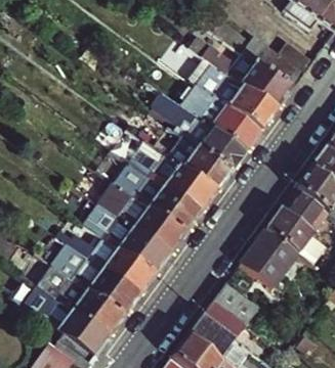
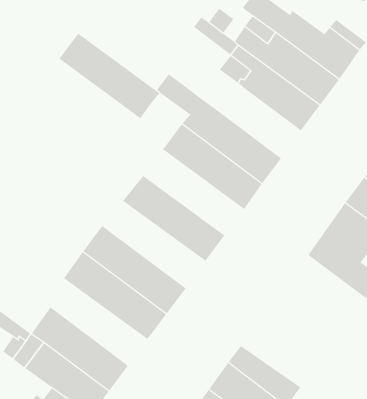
building: [198,99,258,154] -> none
building: [132,147,213,216] -> [58,33,160,119]
building: [99,187,182,258] -> none
building: [237,231,296,291] -> none
building: [53,249,136,319] -> none
building: [210,285,269,336] -> none

